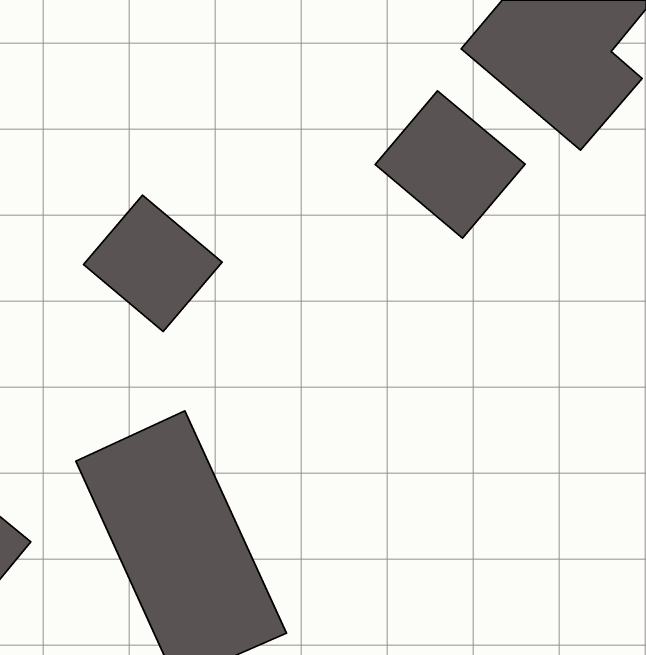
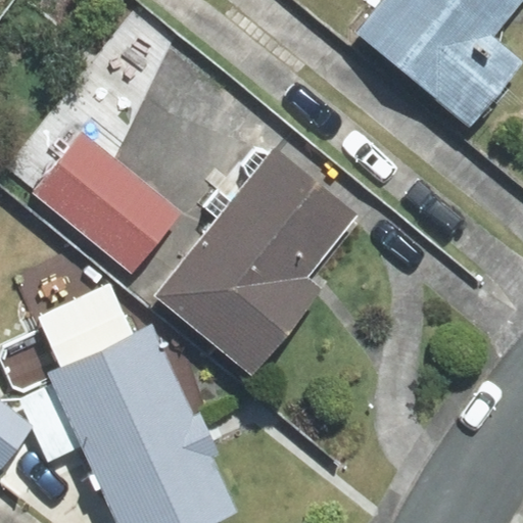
building: [375,91,525,238] -> none
building: none -> [162,151,353,364]

